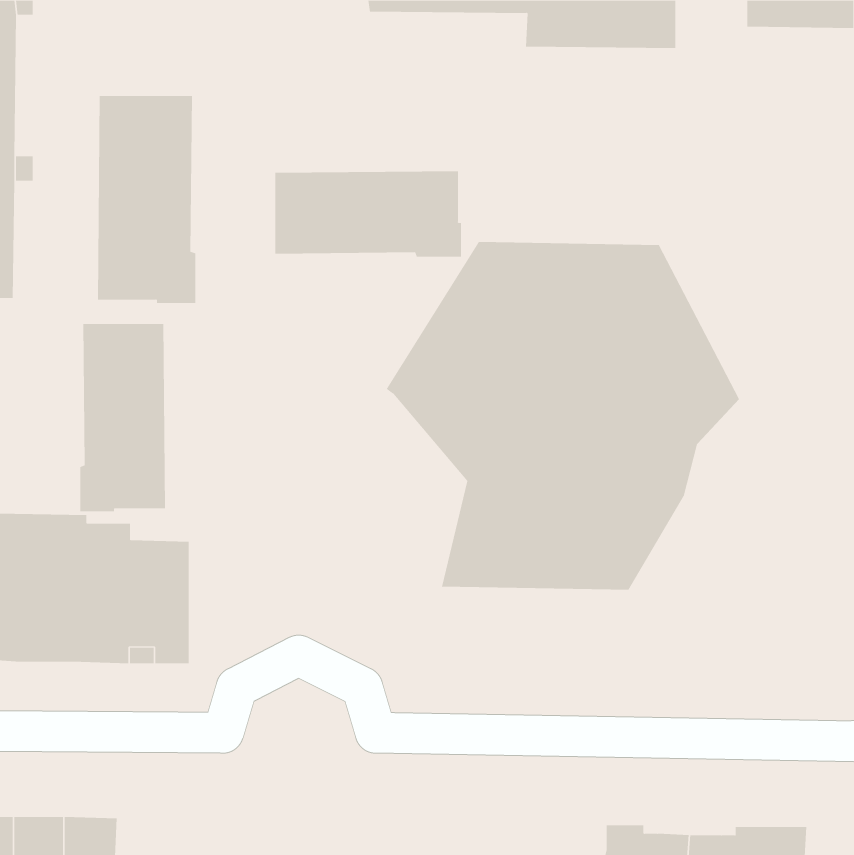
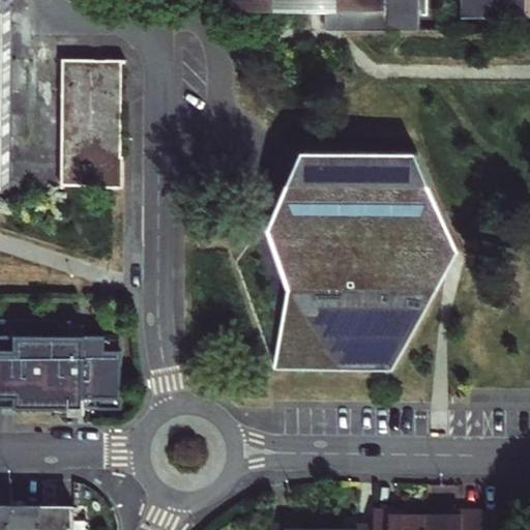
building: [275,171,461,257] -> none
building: [80,323,165,512] -> none

